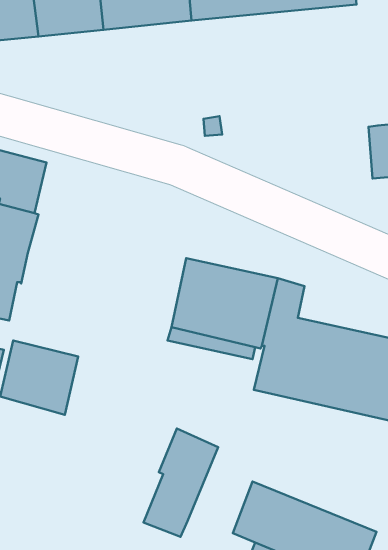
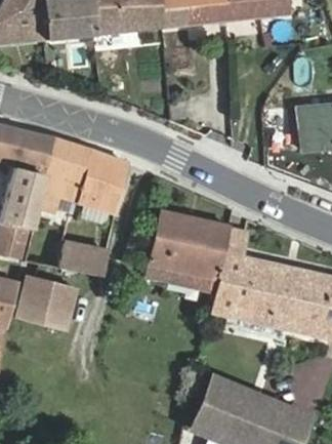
building: none -> [37,137,128,213]
building: none -> [57,241,109,277]
building: [144,429,218,537] -> none

